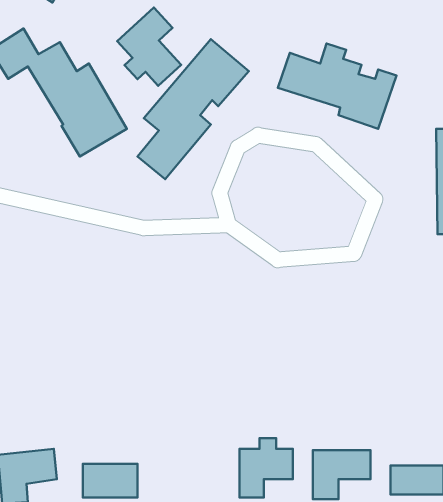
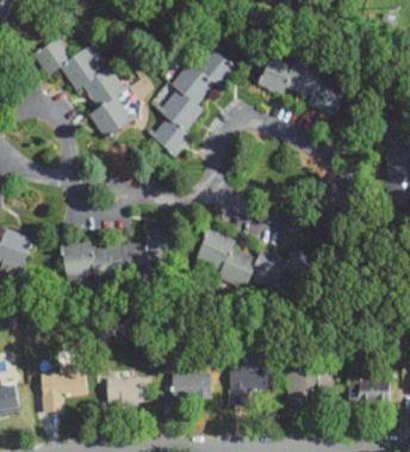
building: [117,8,181,86] -> none
building: none -> [62,227,172,283]
building: none -> [194,229,317,297]
building: none -> [172,372,210,398]

